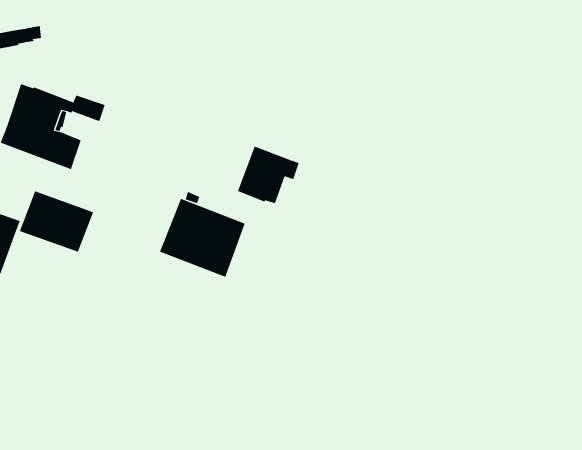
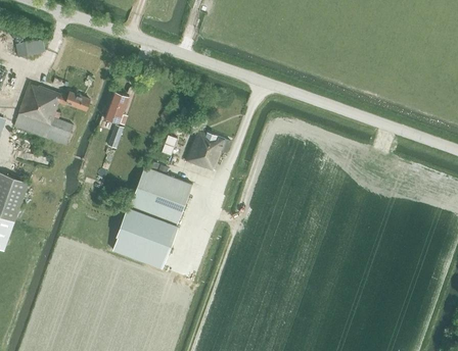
building: none -> [104,94,128,137]
building: [19,191,94,252] -> none
building: none -> [112,207,177,267]

